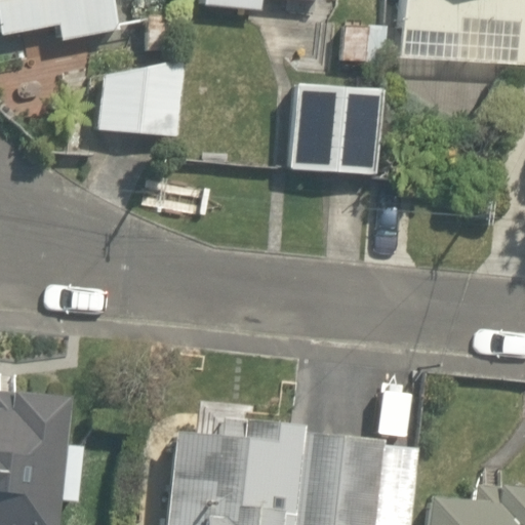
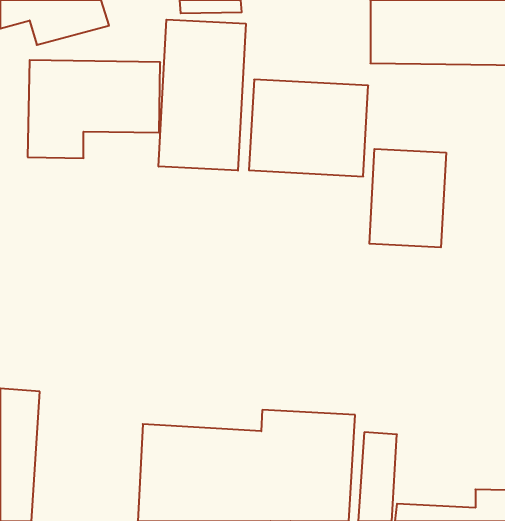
building: none -> [159,20,246,171]
building: none -> [369,149,446,247]

